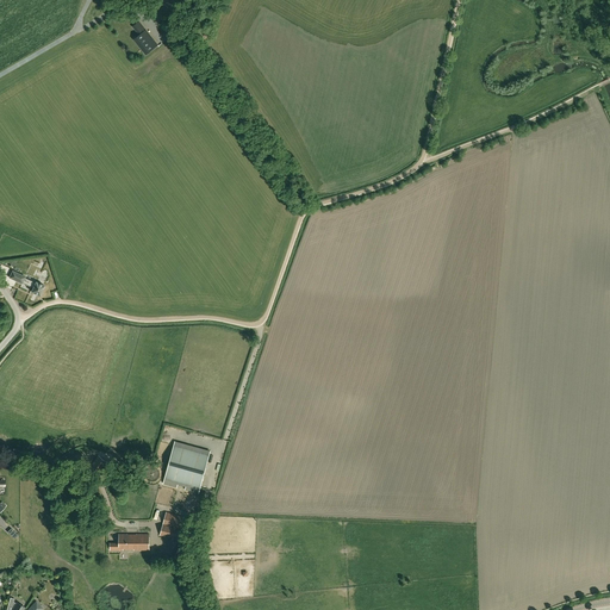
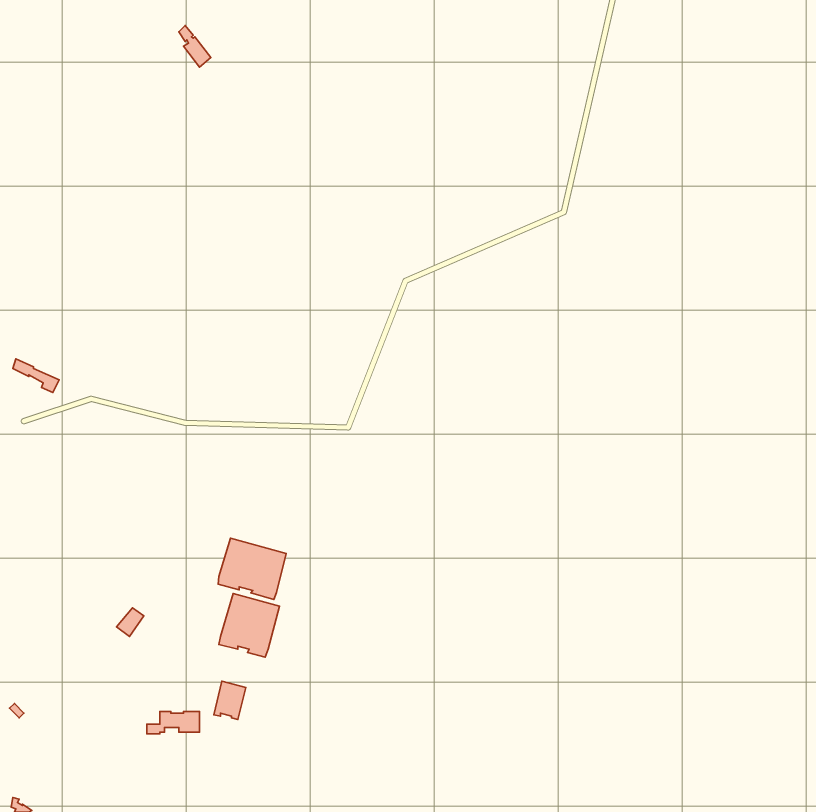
building: none -> [218,538,286,599]

